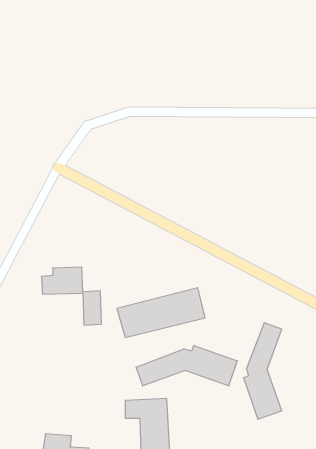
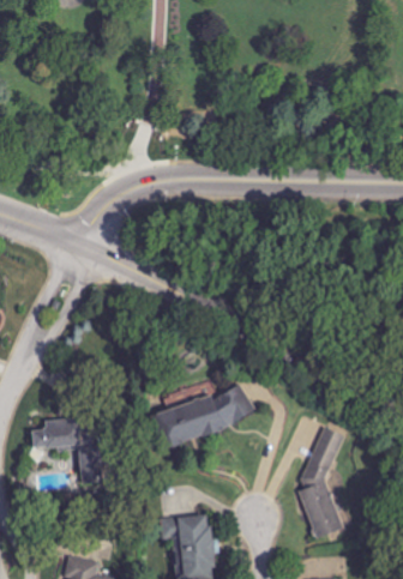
building: [41,267,101,325] -> [30,420,100,487]
building: [136,345,237,386] -> none

